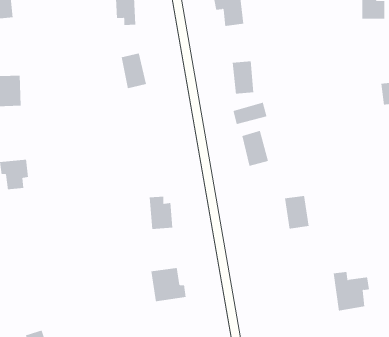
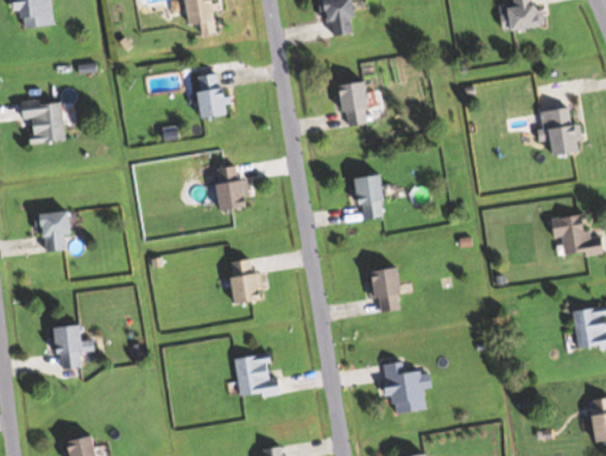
building: [233,102,267,125] -> none
building: none -> [216,165,246,210]
building: [284,196,310,229] -> [371,268,404,312]
building: none -> [55,324,93,369]
building: [333,271,370,311] -> [381,362,430,414]

